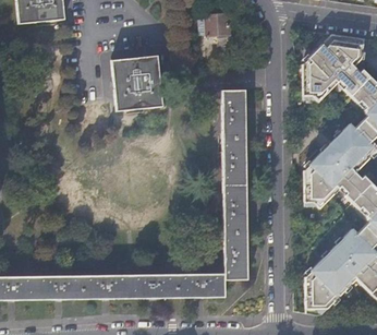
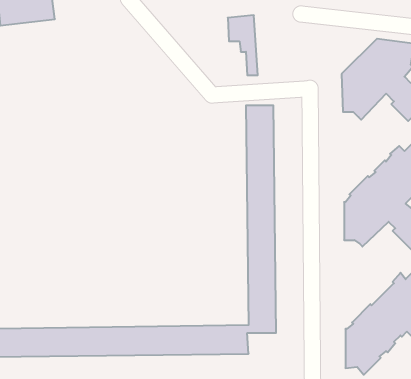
building: [111,56,162,110] -> none

